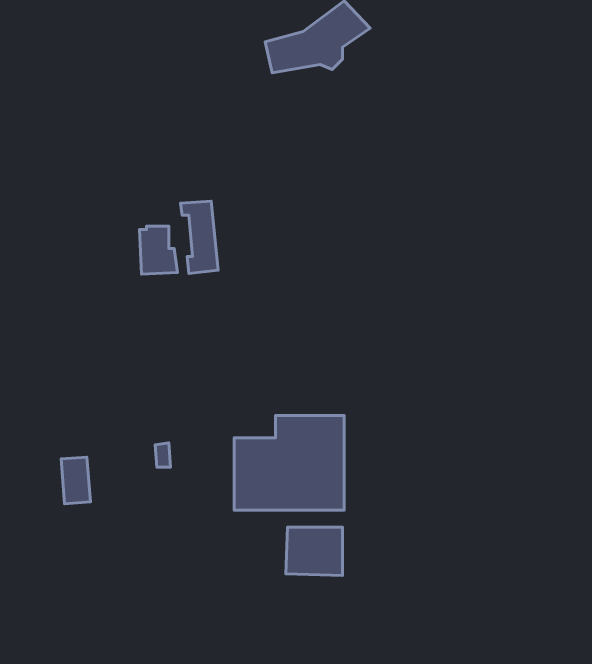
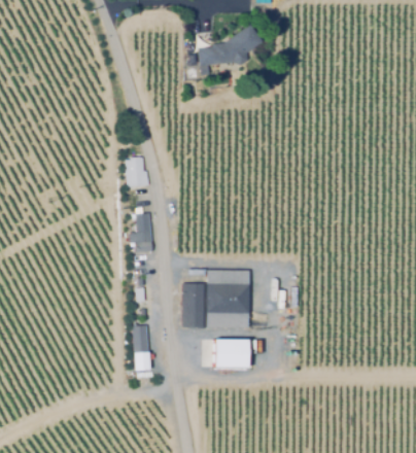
building: [180,201,218,274] -> [131,211,153,254]
building: [61,457,90,504] -> [132,327,149,355]

